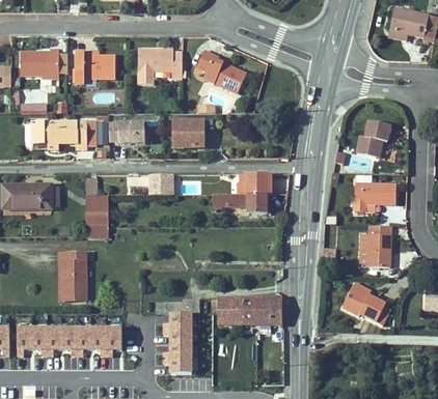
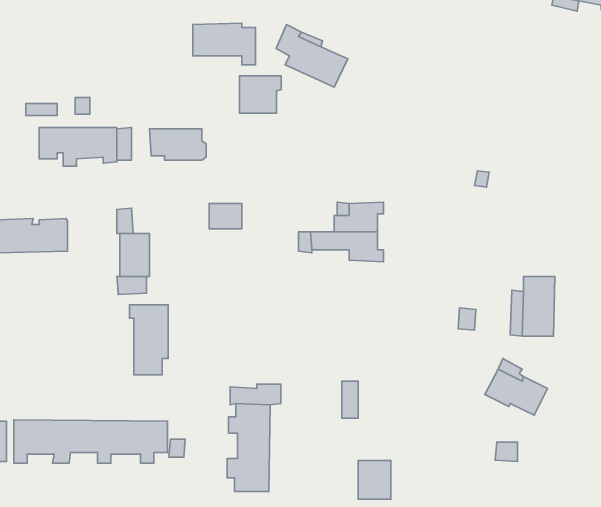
building: [20,49,58,75] -> none
building: [75,51,115,83] -> none
building: [356,120,390,156] -> none
building: [173,121,202,147] -> [239,76,281,113]
building: [354,182,395,210] -> none
building: [59,251,86,300] -> [129,305,168,375]
building: [217,297,242,324] -> none
building: [259,297,282,324] -> [358,461,391,499]

